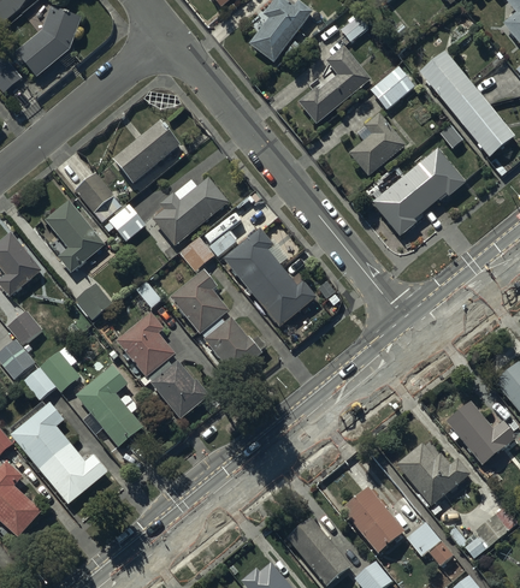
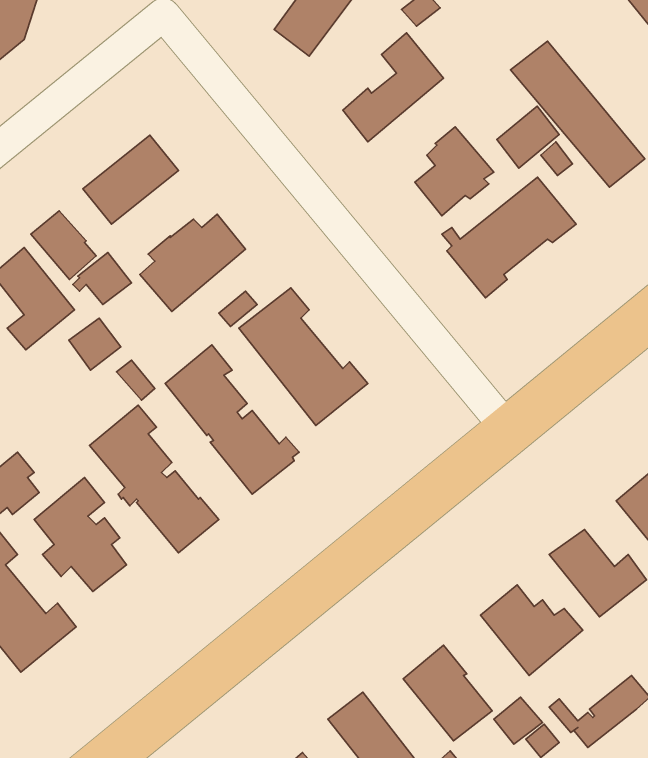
building: [370,65,414,109] -> [497,106,559,168]
building: [179,236,214,271] -> none
building: [75,283,112,320] -> [69,318,121,370]

